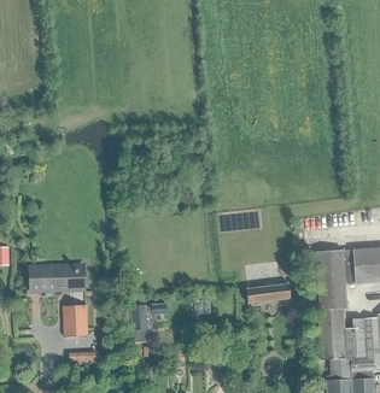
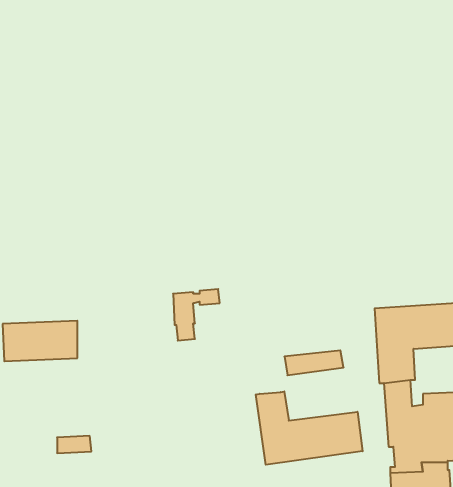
building: [130,303,166,342] -> [173,289,220,341]
building: [63,307,86,338] -> none
building: none -> [256,391,363,465]

